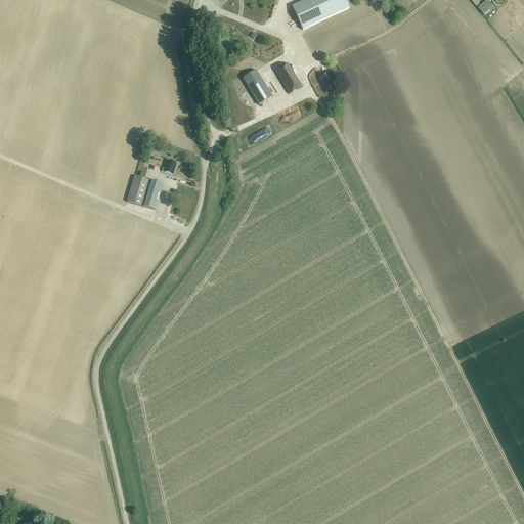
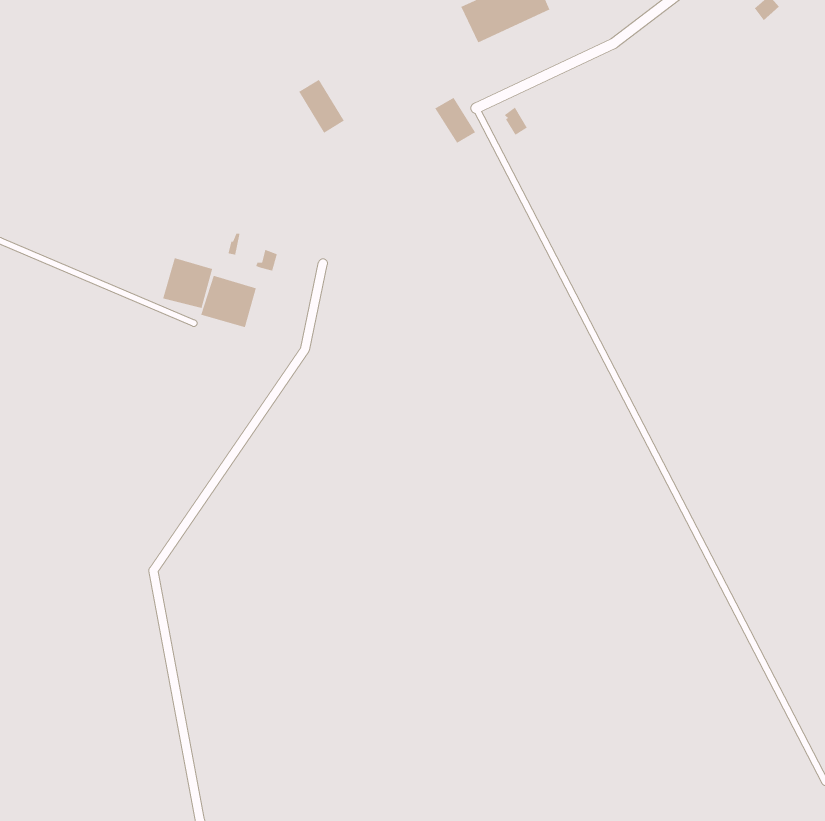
building: [243,68,272,102] -> [298,79,345,134]
building: none -> [162,257,213,309]

